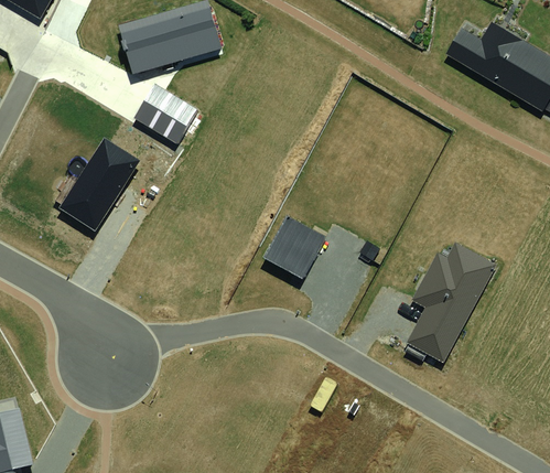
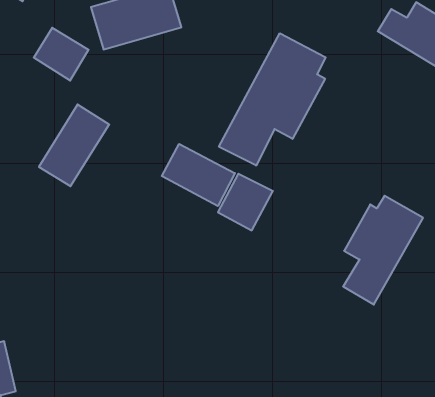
building: none -> [219,33,326,166]
building: [133,84,196,144] -> [34,28,89,81]
building: none -> [162,144,235,206]

